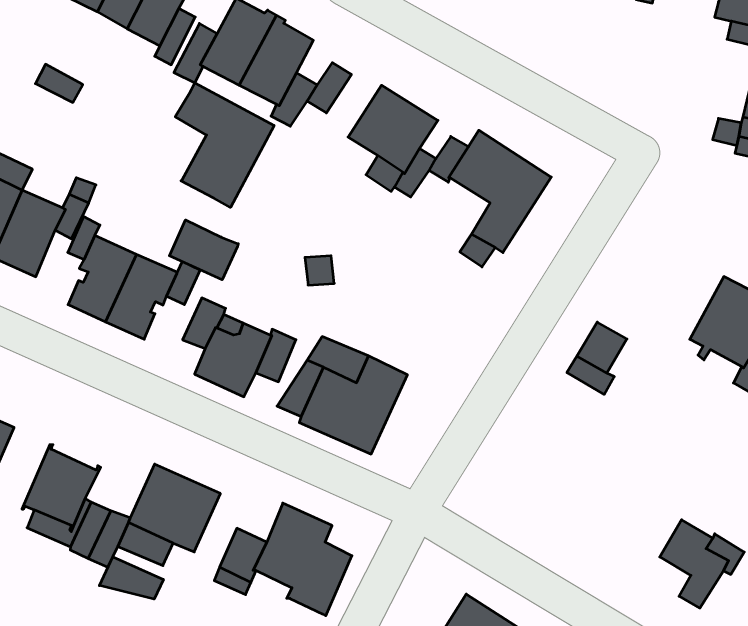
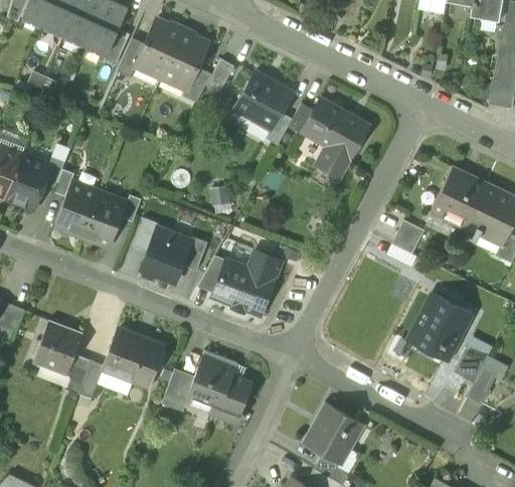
building: [175,83,274,207] -> none
building: [169,220,238,280] -> none
building: none -> [432,166,486,227]
building: none -> [407,292,473,361]
building: [99,557,163,599] -> none

